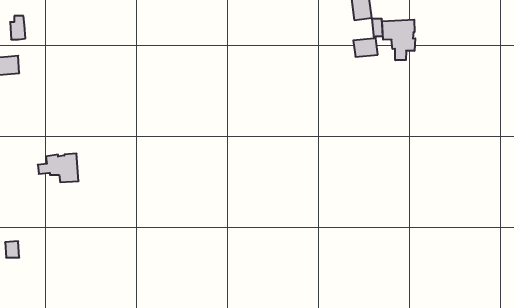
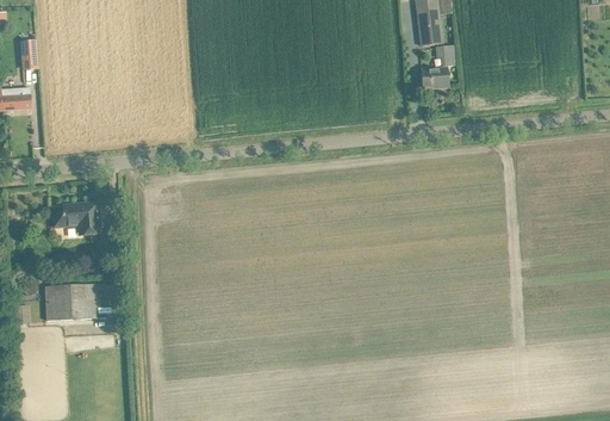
building: [382,20,415,60] -> none
building: none -> [43,284,101,320]

